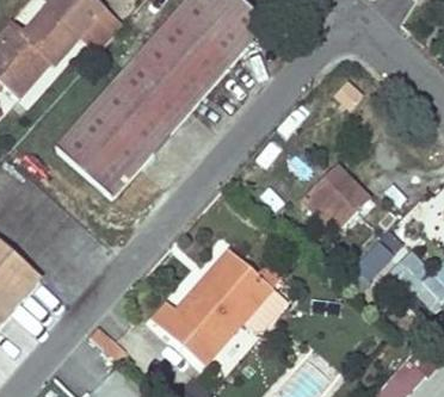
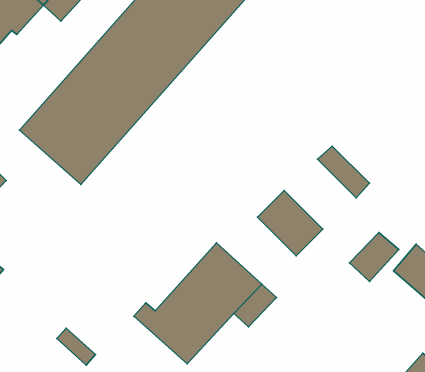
building: [300,175,358,234] -> [258,191,323,256]

